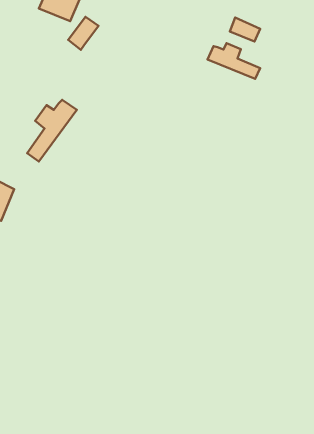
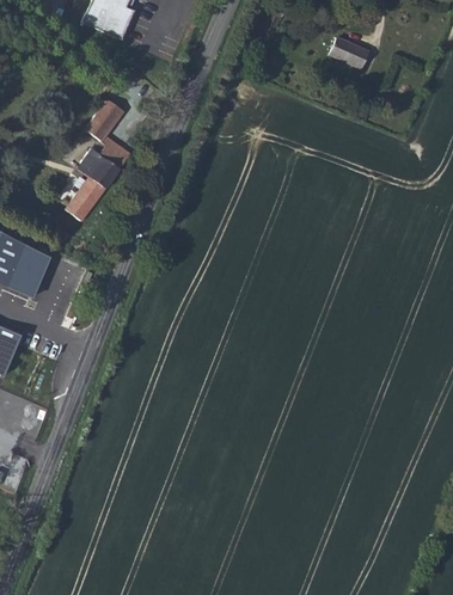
building: [68,17,98,50] -> [85,99,124,142]
building: [208,43,260,79] -> none

